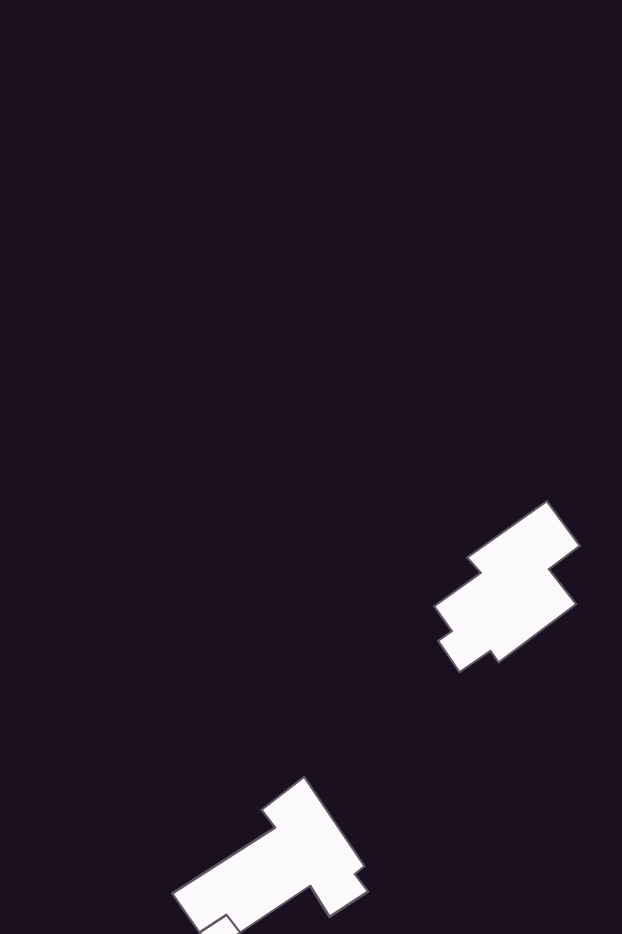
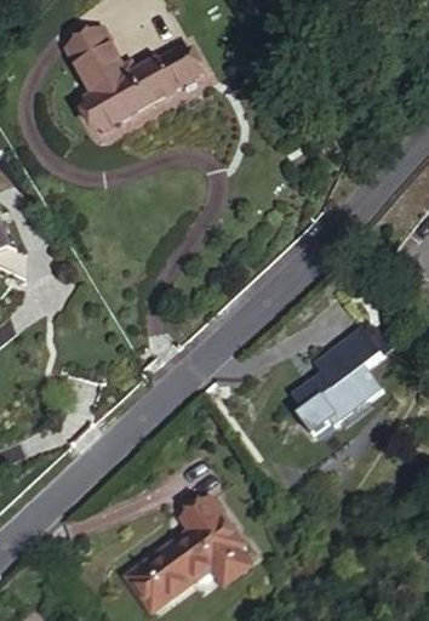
building: none -> [62,25,198,129]

